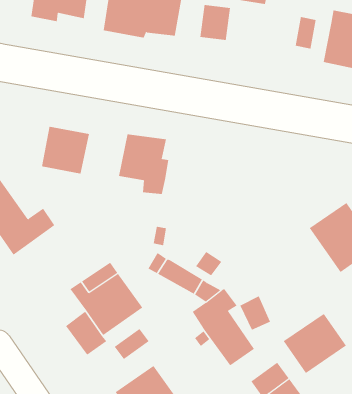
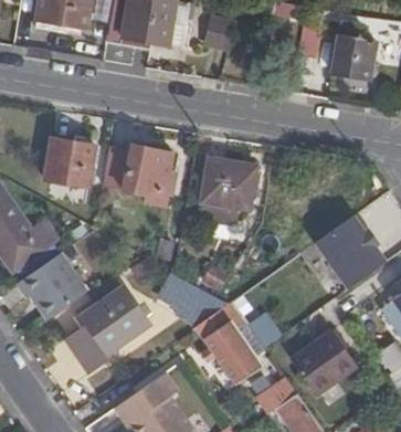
building: none -> [202,159,255,212]
building: none -> [23,251,89,317]

